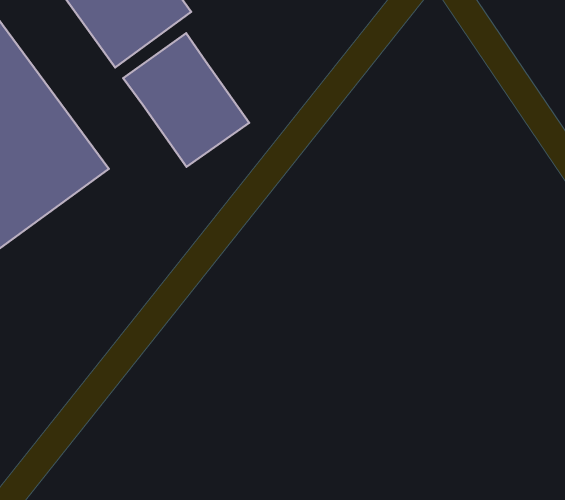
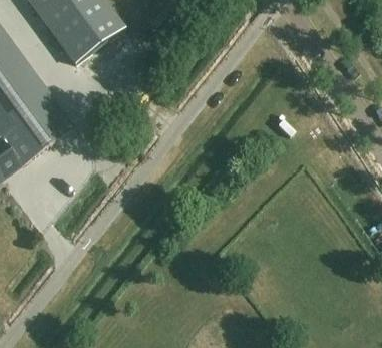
building: [123,33,249,167] -> none

